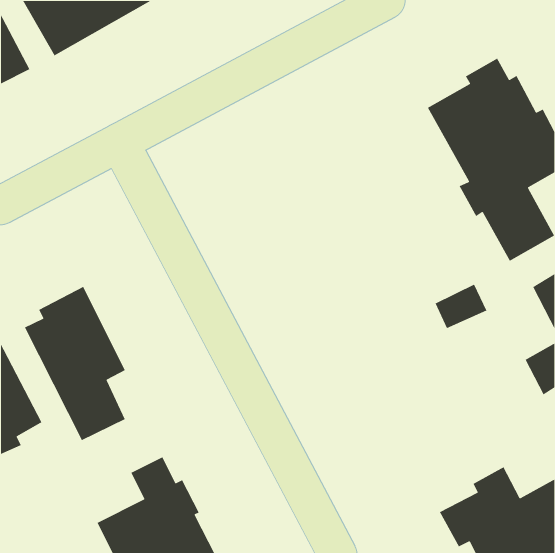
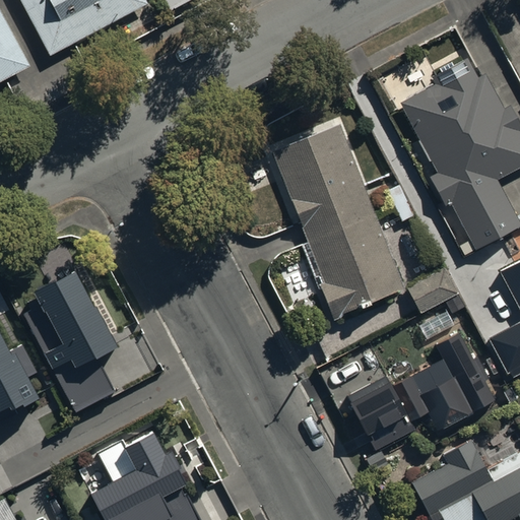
building: none -> [271,124,403,320]
building: none -> [347,335,496,452]

